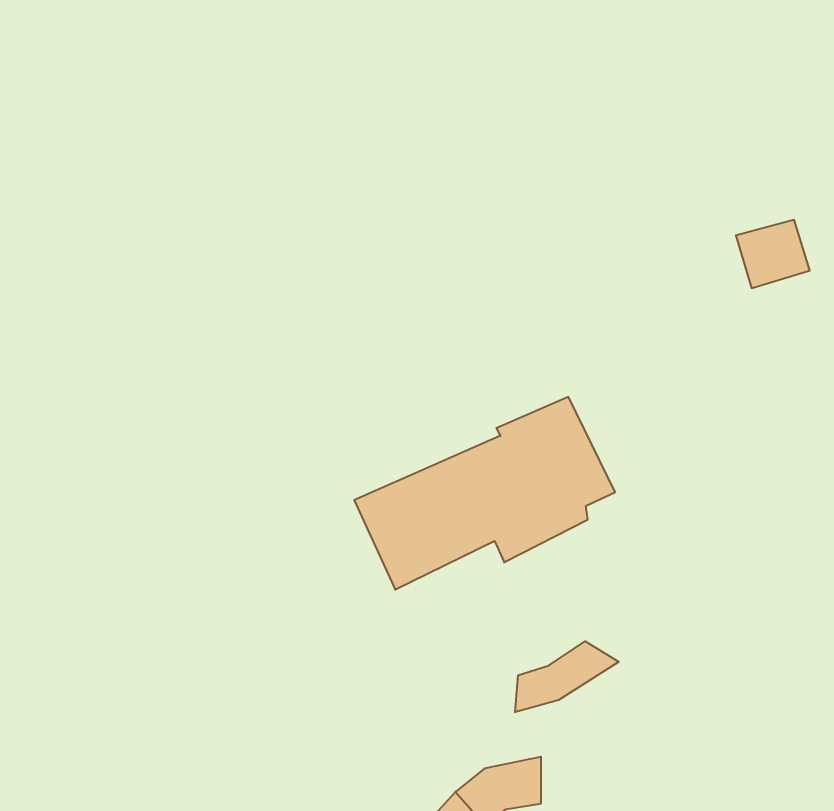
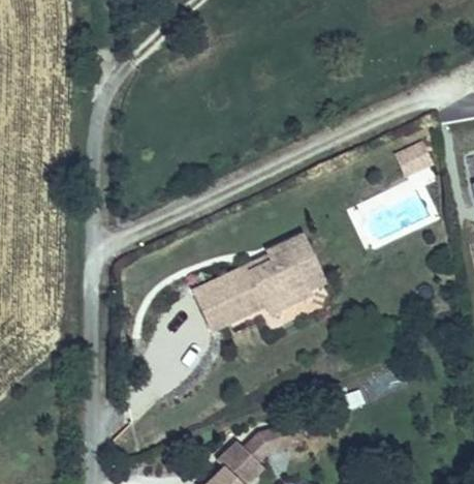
building: [515,641,619,712] -> none

